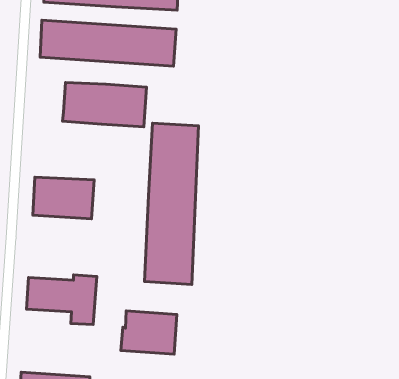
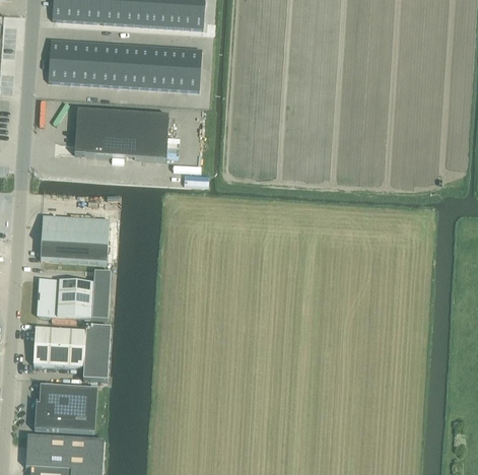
building: [145,123,198,284] -> none
building: none -> [41,270,111,319]
building: [121,311,177,354] -> [35,384,97,432]

